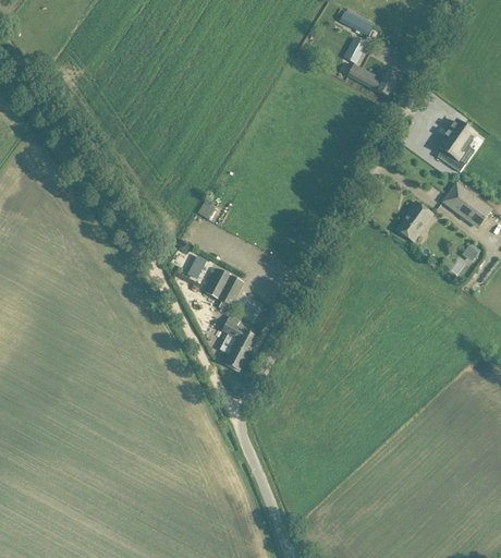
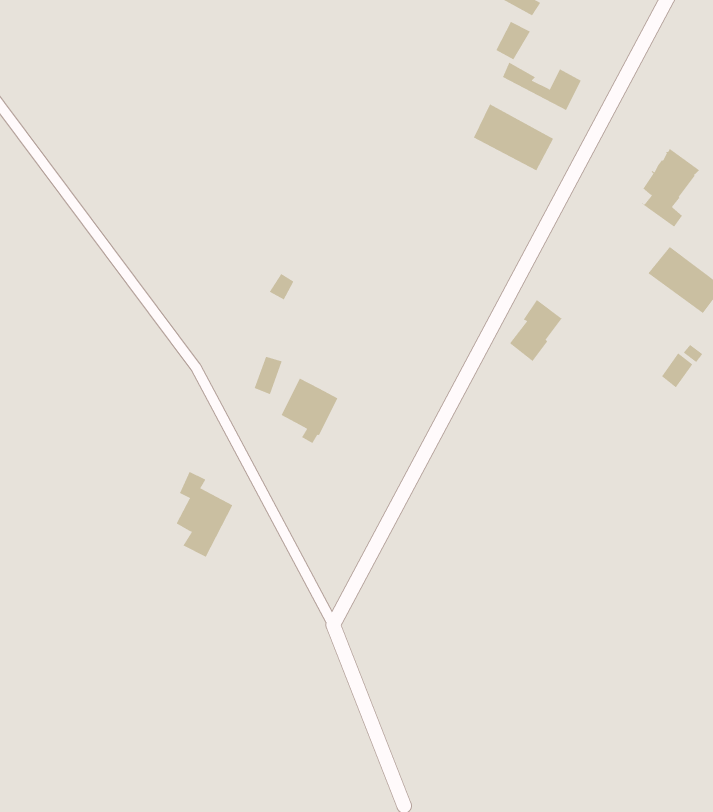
building: none -> [473,103,554,171]
building: [398,201,432,241] -> [509,299,563,362]
building: [220,315,257,371] -> [176,471,233,557]

